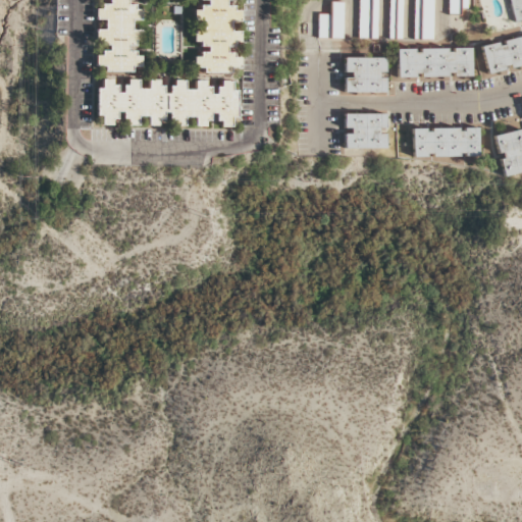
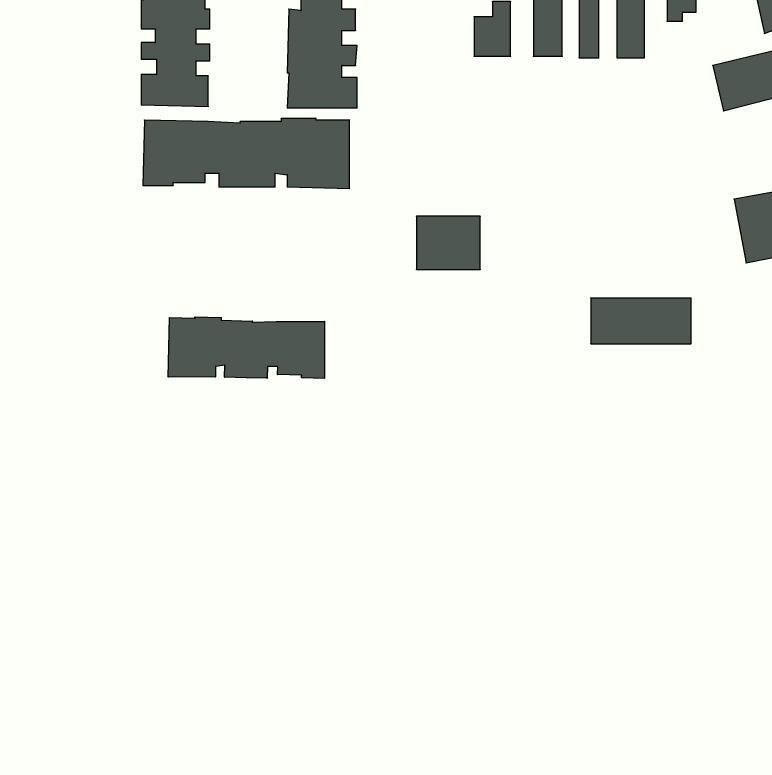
building: [398,47,474,77] -> none
building: [345,57,389,92] -> none
building: [345,112,387,148] -> [416,216,480,269]
building: [413,126,480,157] -> [591,298,691,344]
building: none -> [168,317,325,378]

